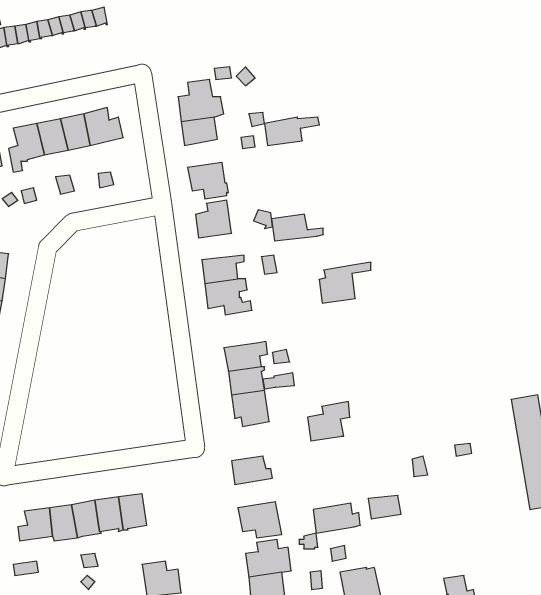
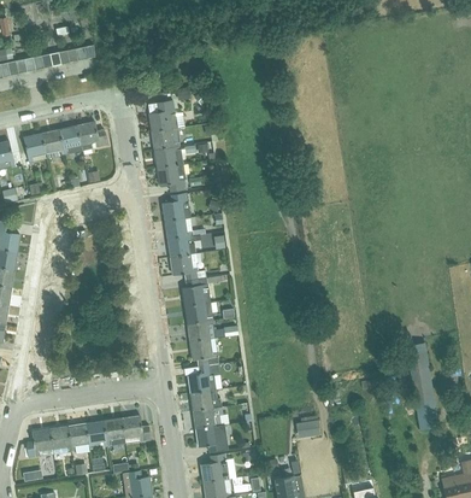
building: [265,117,319,145] -> [153,146,195,168]
building: [271,214,323,241] -> [164,218,204,239]
building: [319,262,371,303] -> [181,275,220,306]
building: [308,402,350,441] -> [187,363,219,393]
building: none -> [120,416,149,443]
building: [313,503,360,533] -> [192,406,228,429]

